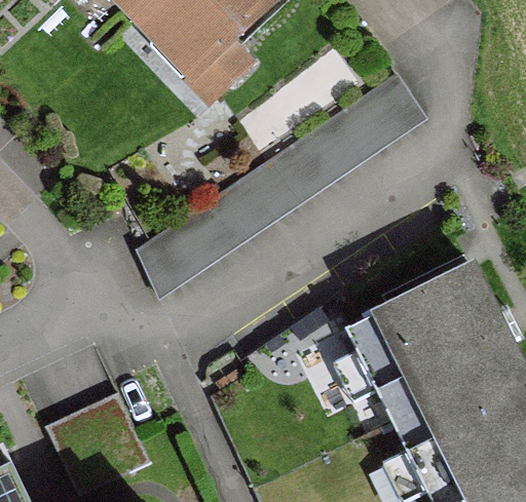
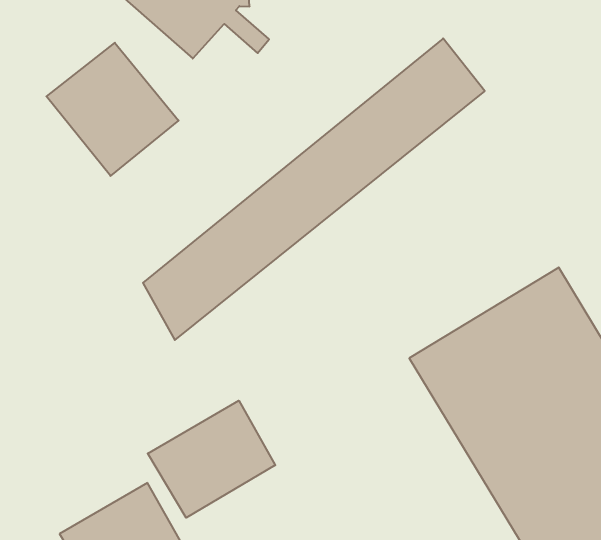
building: none -> [46,43,179,176]
building: none -> [148,401,275,518]

